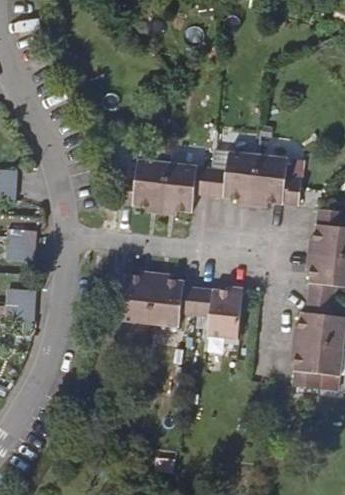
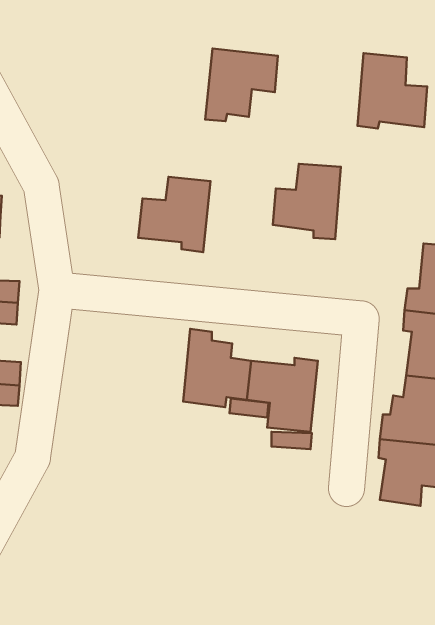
building: [255,154,303,206] -> [358,53,427,129]
building: [164,164,214,214] -> [205,49,278,121]
building: [107,265,155,316] -> none

